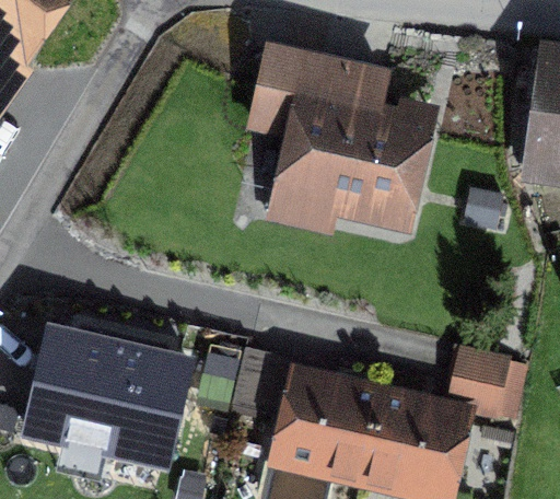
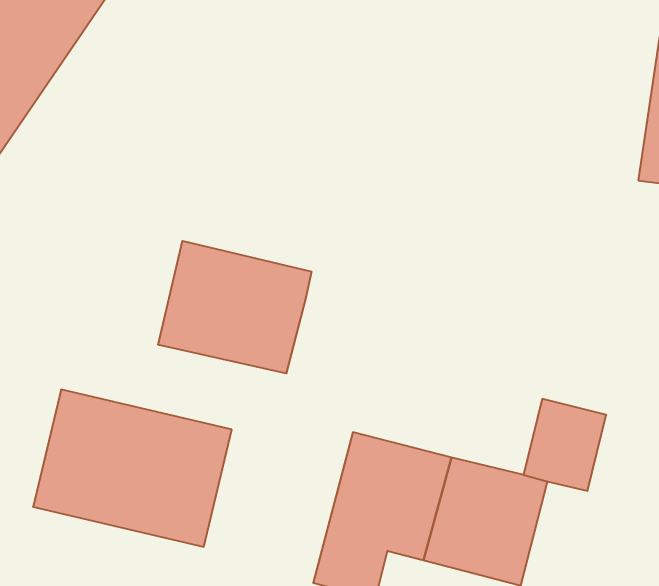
building: [247,42,420,211] -> none
building: none -> [158,241,311,373]

